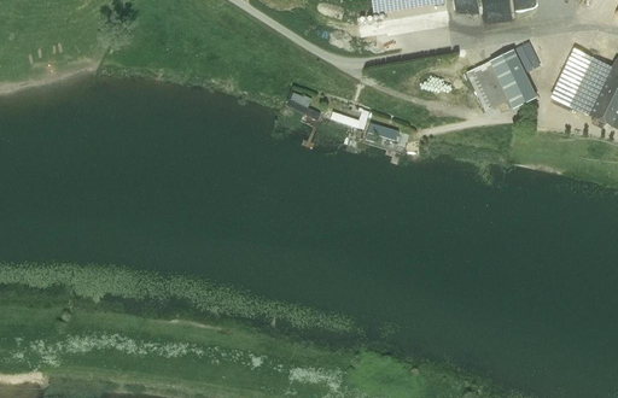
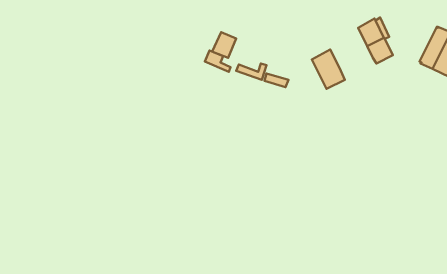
building: [553,49,596,107] -> none
building: [467,60,511,112] -> [312,50,345,89]
building: none -> [212,32,236,58]

